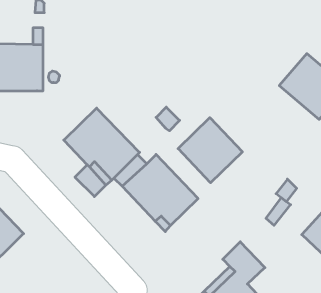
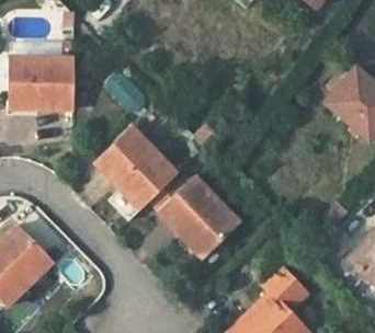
building: [178,118,242,183] -> none

